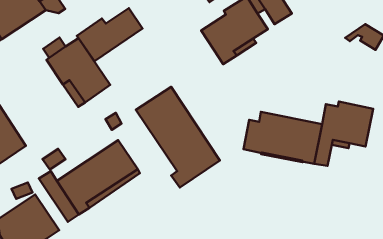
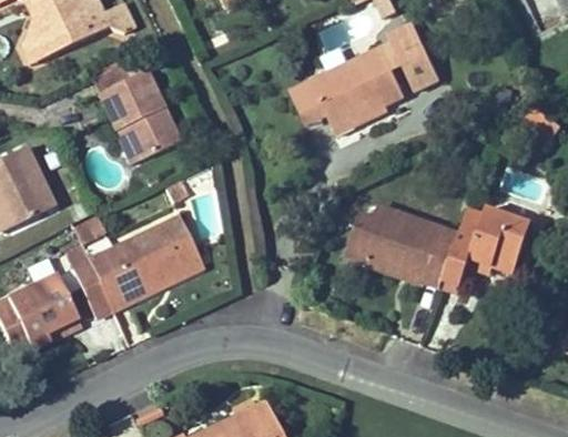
building: [77,8,142,61] -> none
building: none -> [292,61,351,121]
building: [136,87,220,187] -> none

